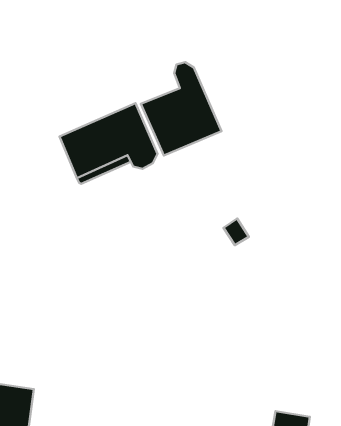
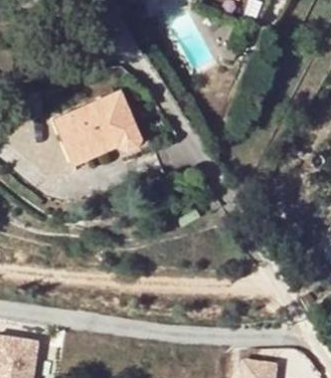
building: [141,62,222,155] -> none

